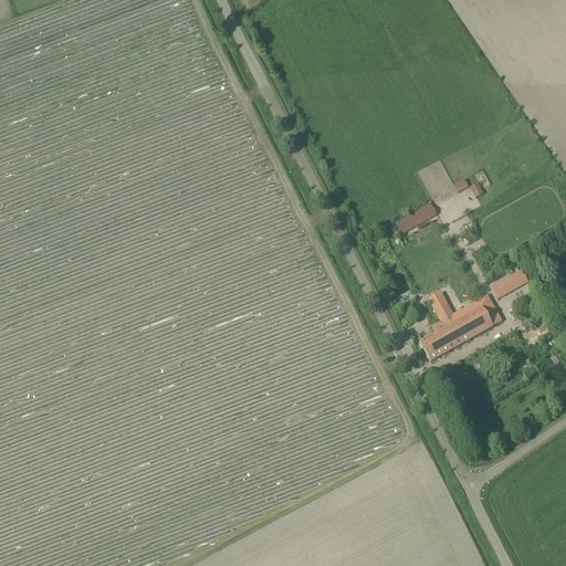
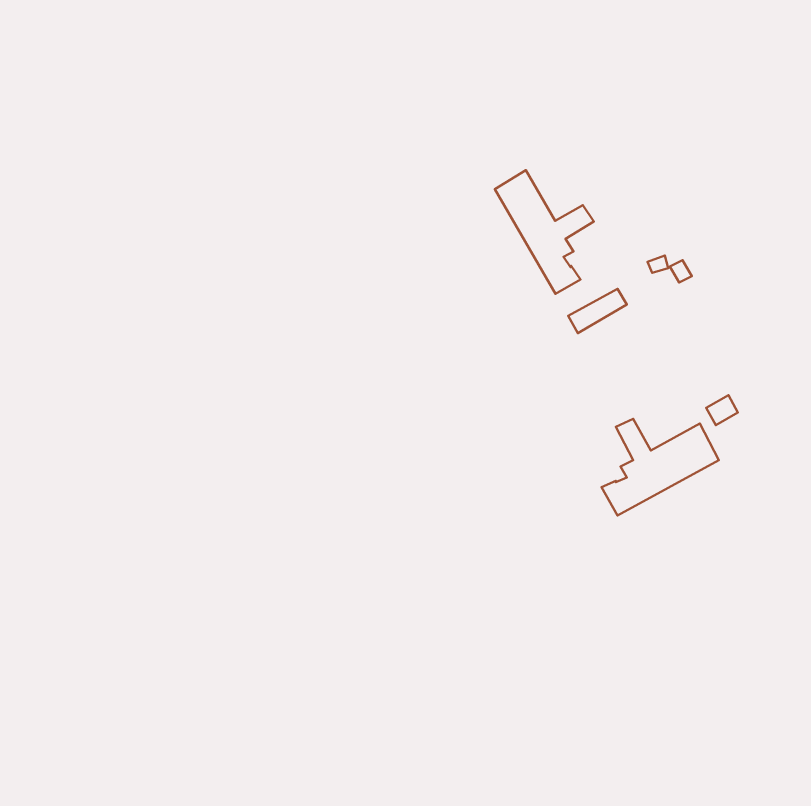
building: none -> [495,170,594,294]

